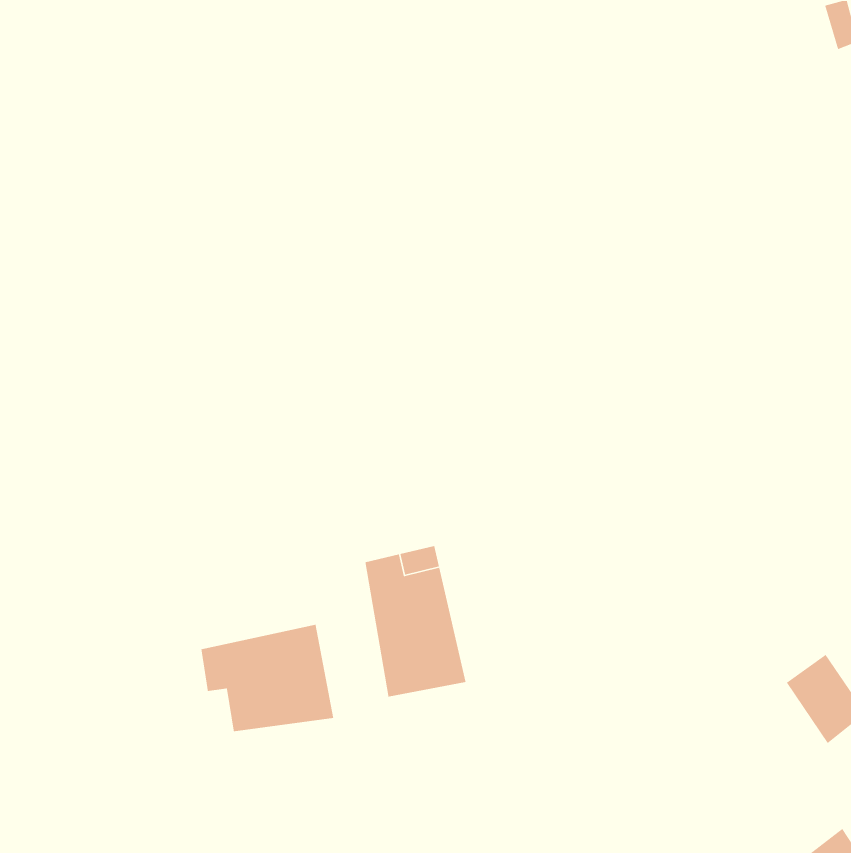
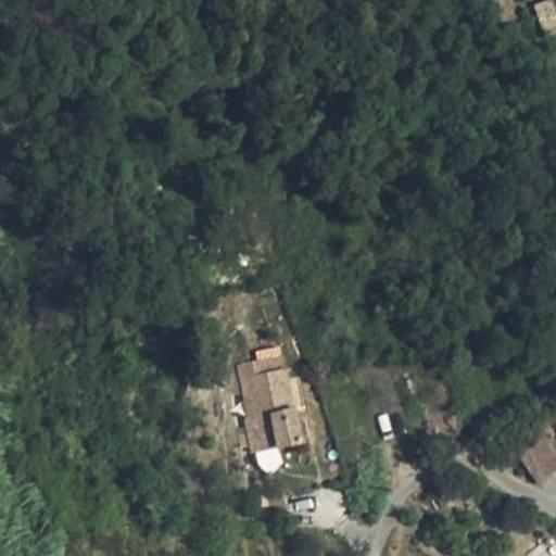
building: [200,624,334,732] -> none

